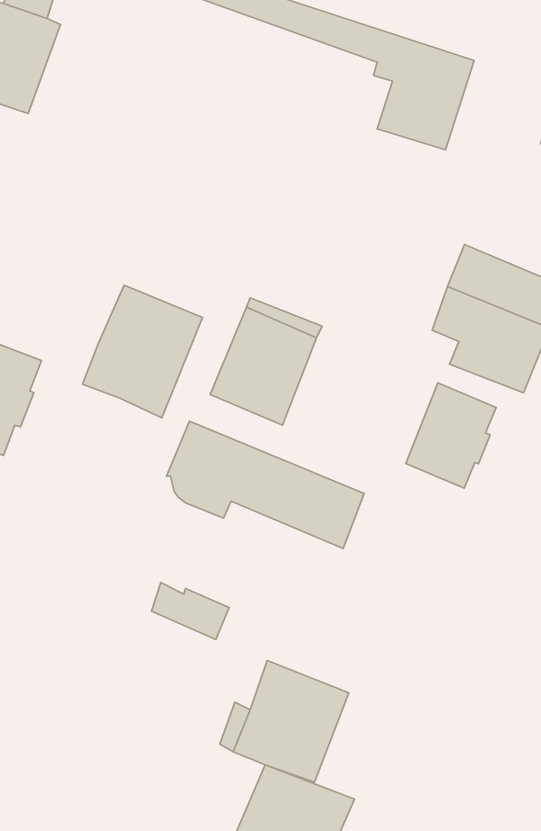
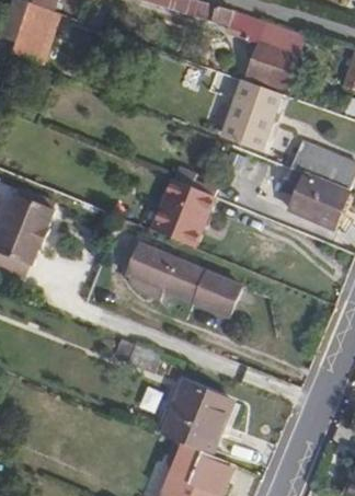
building: none -> [221,79,282,149]
building: [82,285,202,418] -> none
building: [406,383,496,488] -> none

